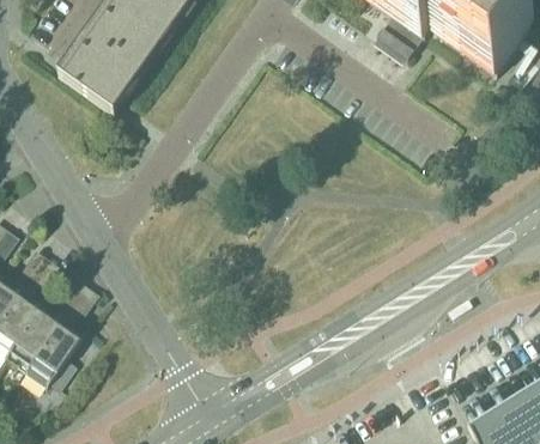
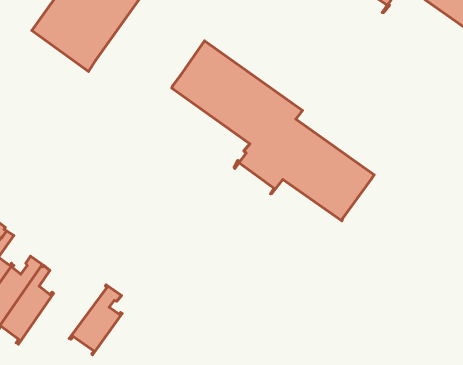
building: none -> [172,41,374,221]
building: none -> [69,285,122,355]

